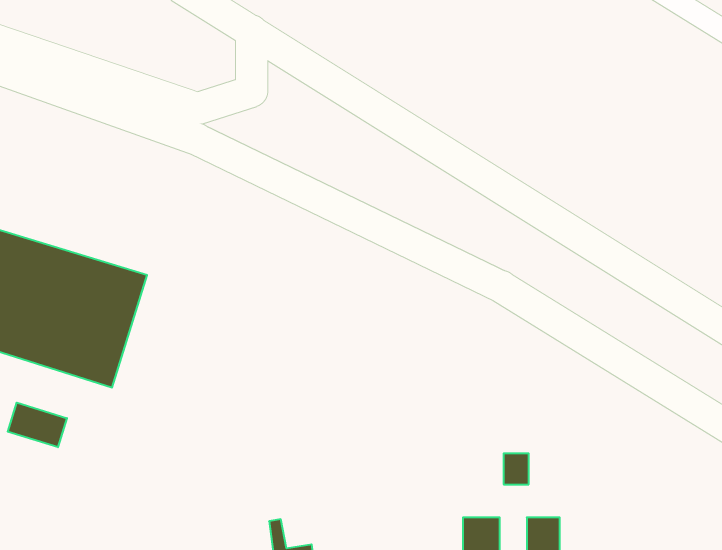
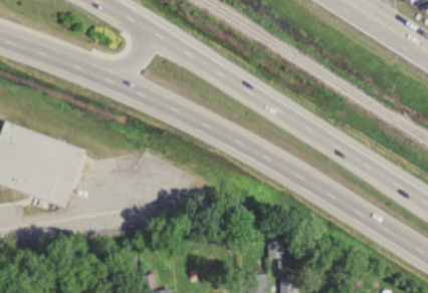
building: [8,403,67,447] -> none

